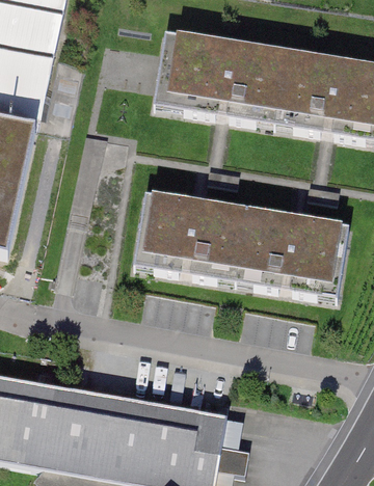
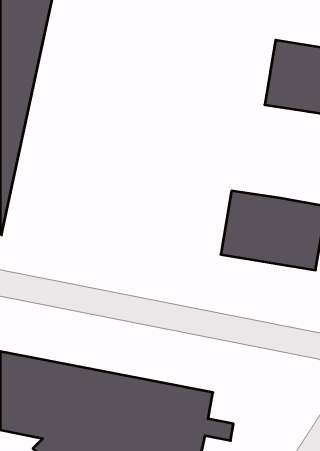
building: [157,27,293,116] -> none
building: [135,190,246,275] -> none

